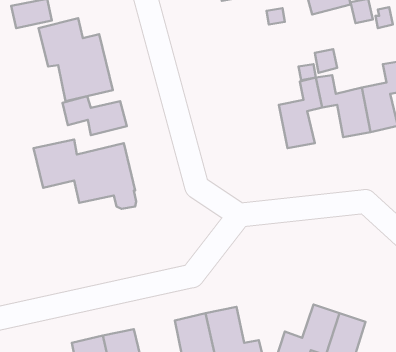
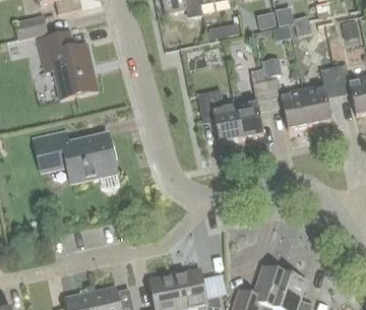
building: none -> [196,88,241,142]
building: [63,96,127,135] -> none

